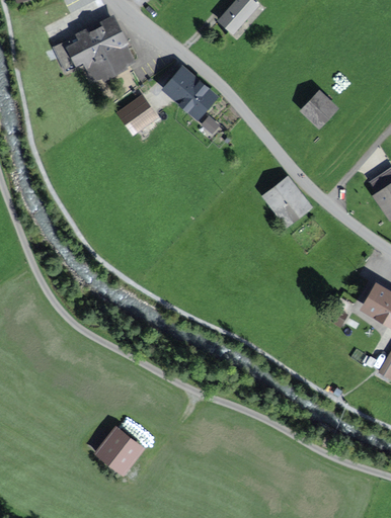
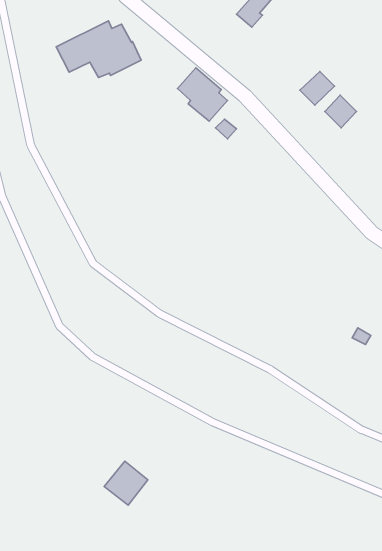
building: none -> [300,71,335,105]
building: [120,97,156,133] -> none
building: [264,179,306,220] -> none

